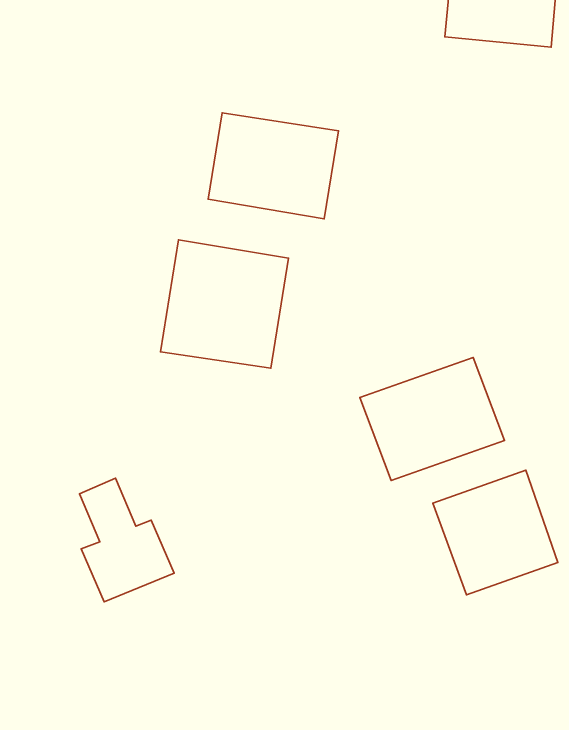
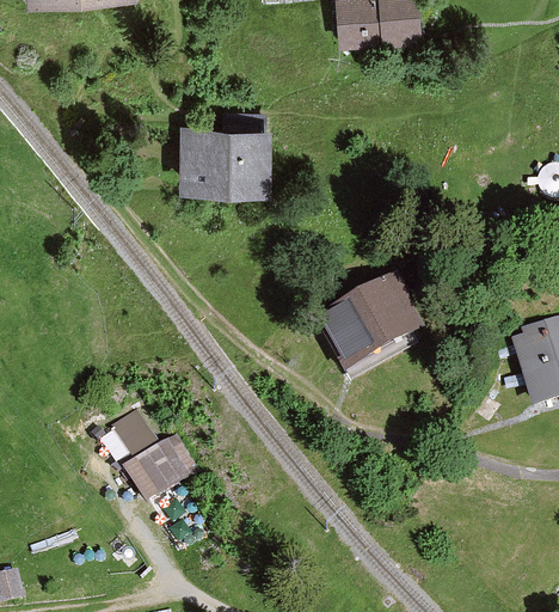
building: [160,240,288,368] -> none
building: [433,470,558,595] -> none

